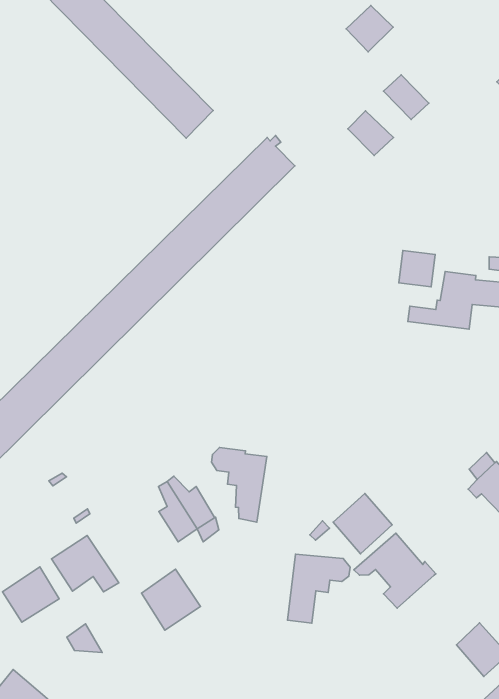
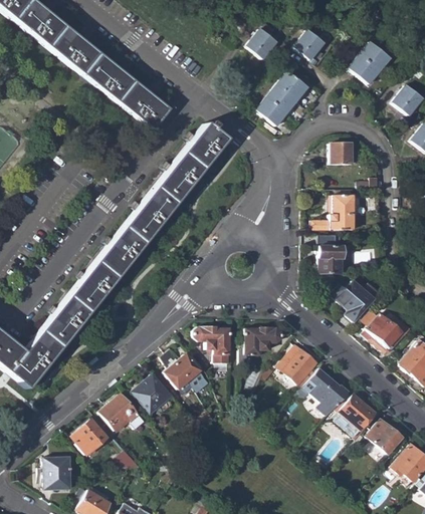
building: none -> [295,29,326,59]
building: none -> [267,83,297,112]
building: [399,251,435,287] -> [331,143,352,164]
building: none -> [318,246,341,273]
building: none -> [331,280,374,322]
building: [287,554,350,623] -> [245,327,281,371]
building: [141,569,201,630] -> [134,374,173,415]
building: none -> [333,392,378,440]

